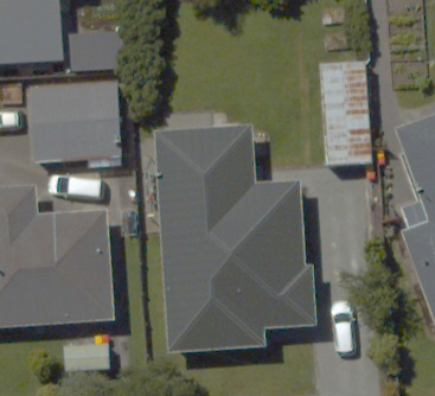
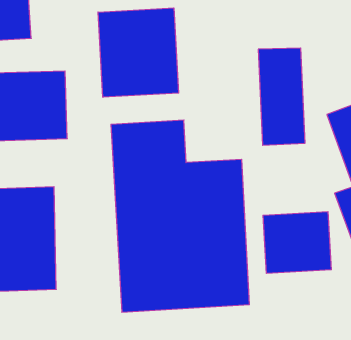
building: none -> [98,8,179,97]
building: none -> [263,212,331,273]

